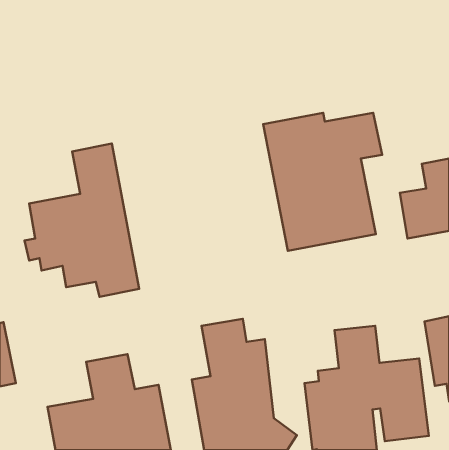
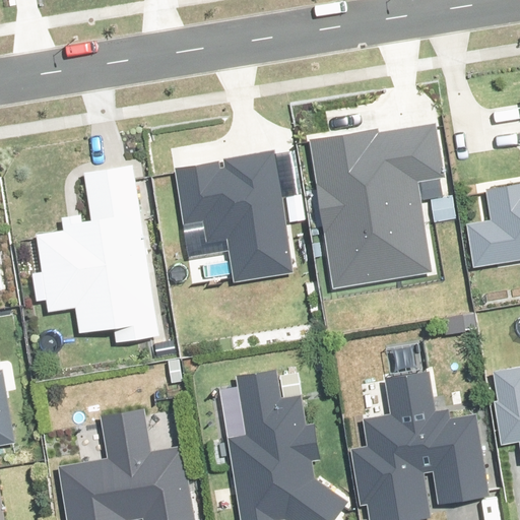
building: none -> [175,152,299,284]

